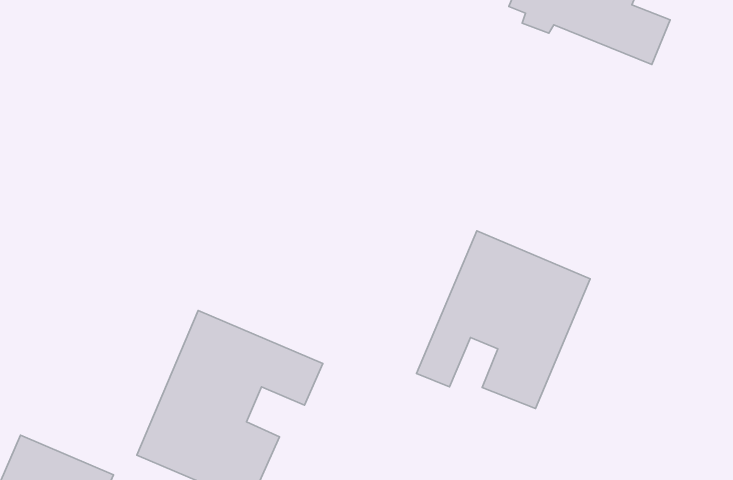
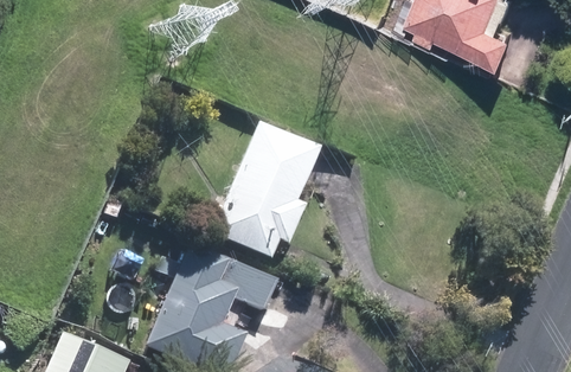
building: none -> [210,120,320,258]
building: [416,231,590,408] -> none

